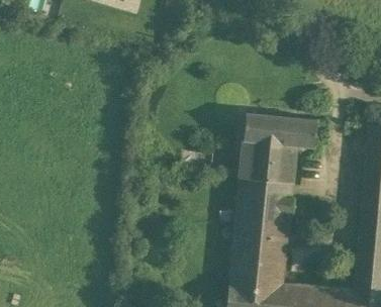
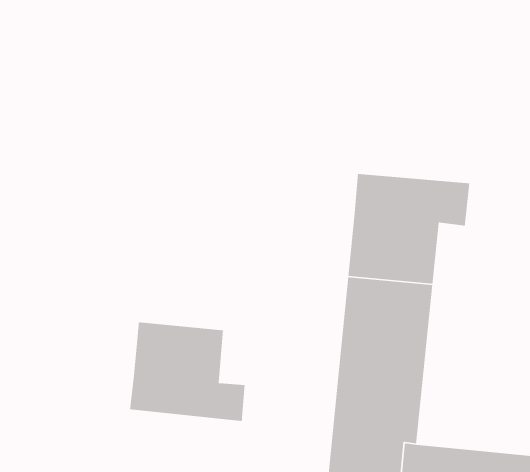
building: none -> [129,321,245,422]

